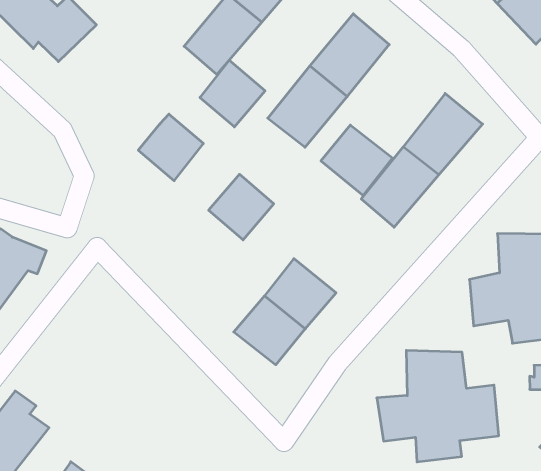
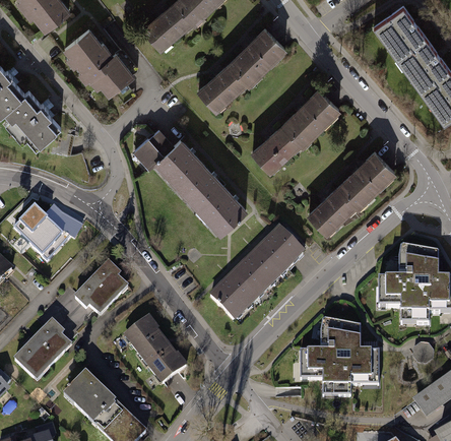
building: [200,60,265,127] -> [179,162,224,208]
building: none -> [135,128,174,166]
building: [321,125,392,195] -> [255,227,305,276]
building: none -> [74,261,128,316]
building: none -> [124,318,184,382]

